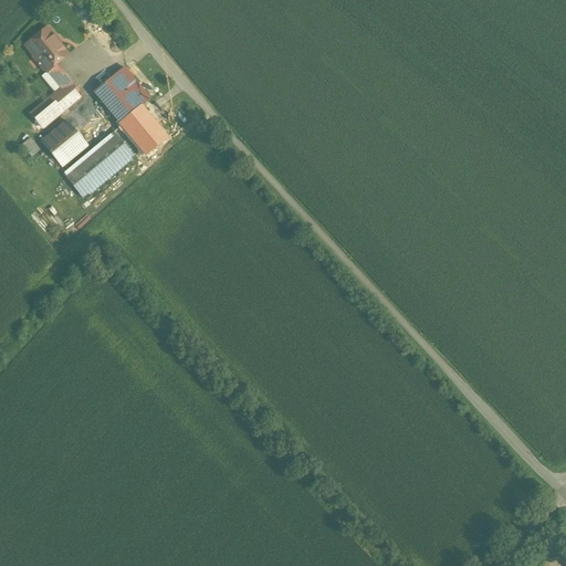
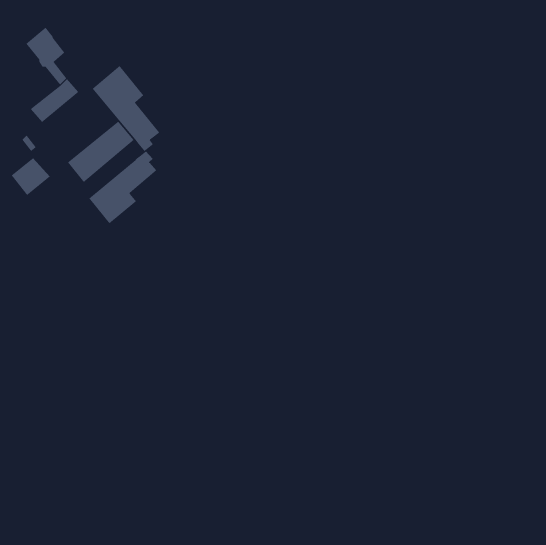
building: [43,122,84,161] -> [11,157,50,196]
building: none -> [88,150,157,224]

